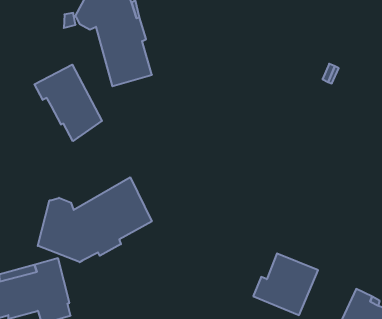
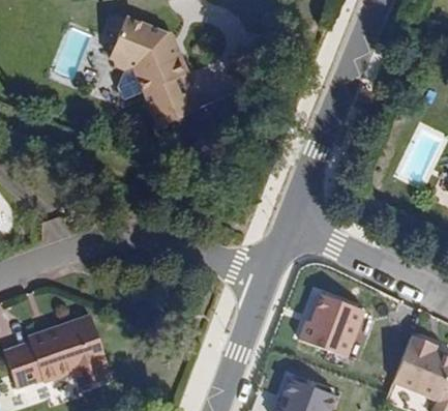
building: [34,65,102,141] -> none
building: [38,177,152,262] -> none

